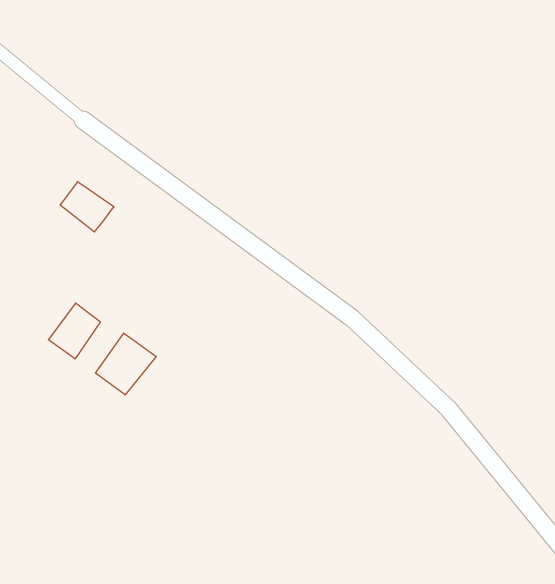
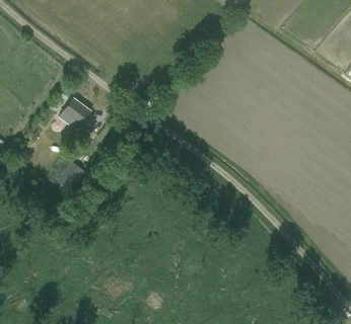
building: [95,333,156,395] -> none

